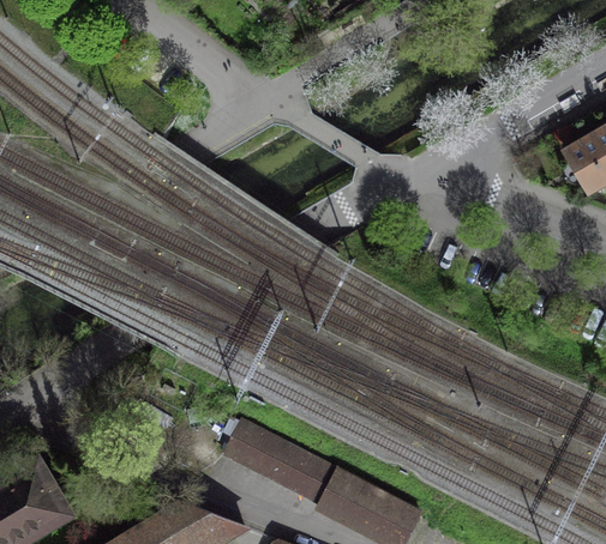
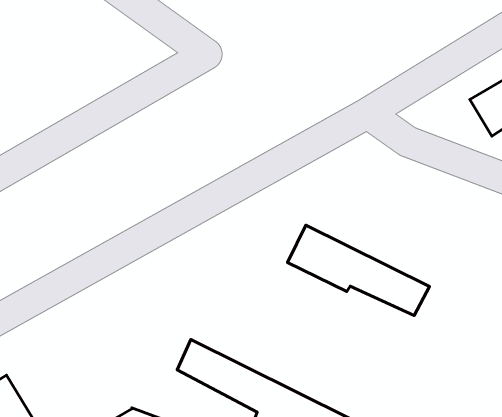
building: none -> [288,225,430,315]

